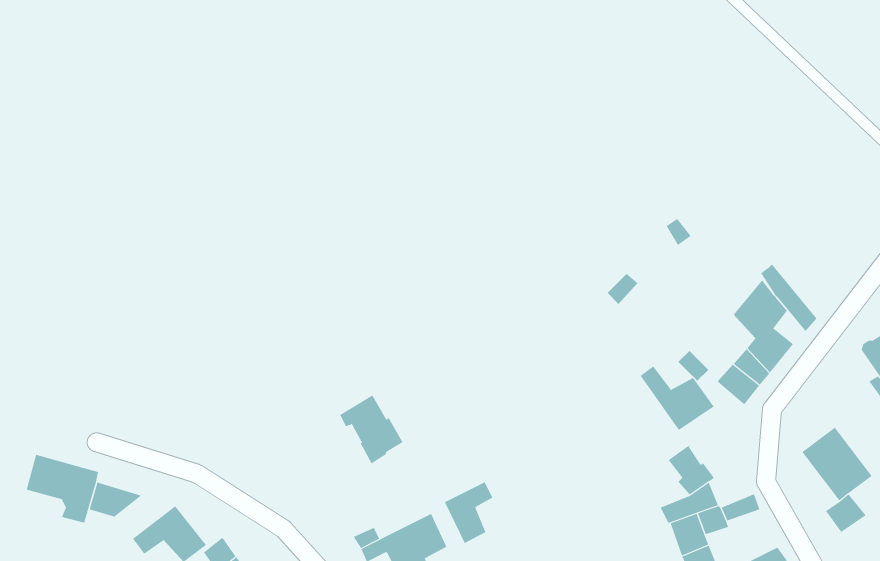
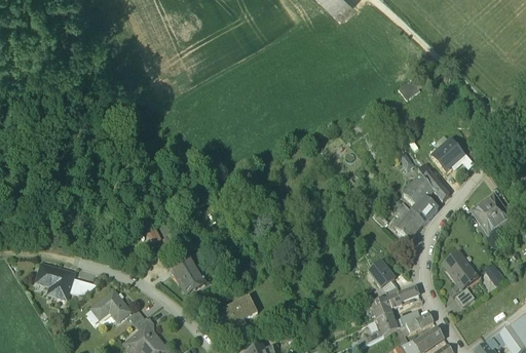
building: none -> [433,142,460,169]
building: [640,366,714,431] -> none
building: [340,393,405,464] -> [170,257,203,293]
building: [444,482,493,544] -> none

